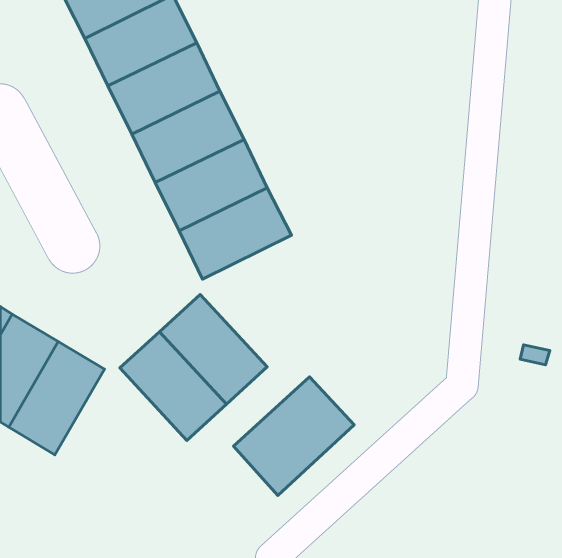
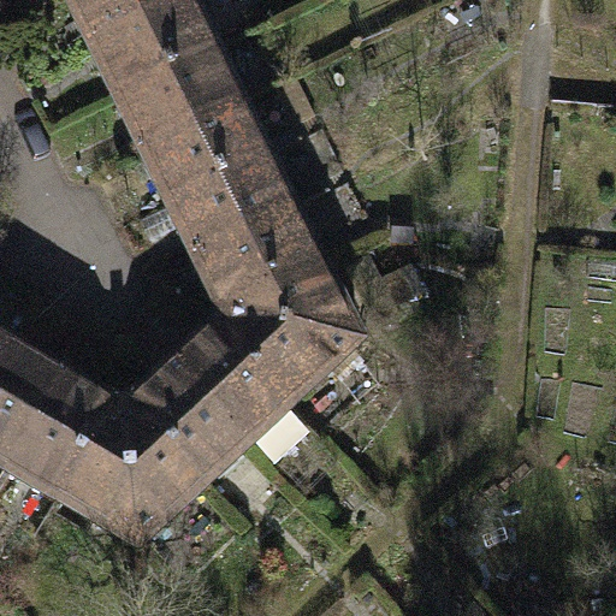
building: none -> [219,257,360,402]
building: none -> [60,403,205,544]
building: [233,377,354,495] -> none

